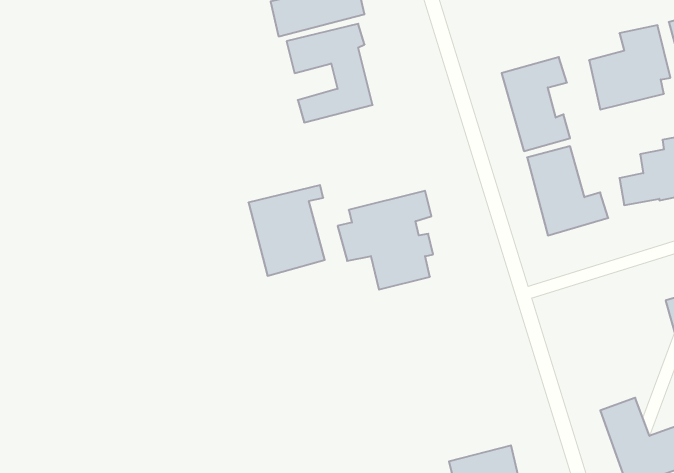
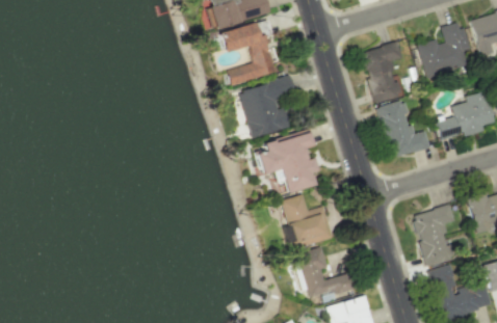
building: [248,185,325,276] -> [240,79,290,138]
building: none -> [282,194,335,249]
building: none -> [413,206,455,267]
building: none -> [298,247,355,299]

